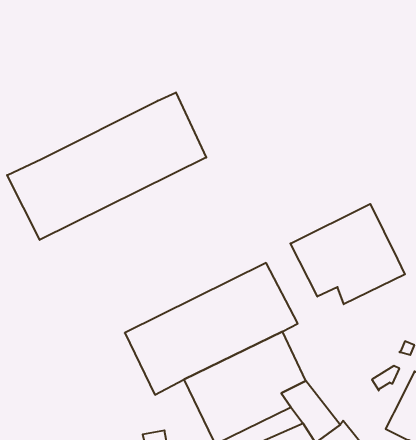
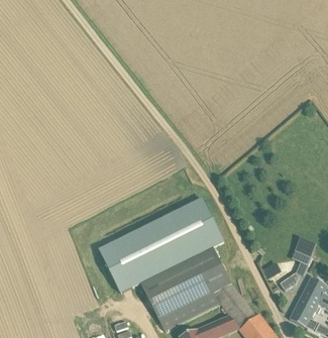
building: [7,92,206,240] -> none
building: [290,204,405,304] -> none

